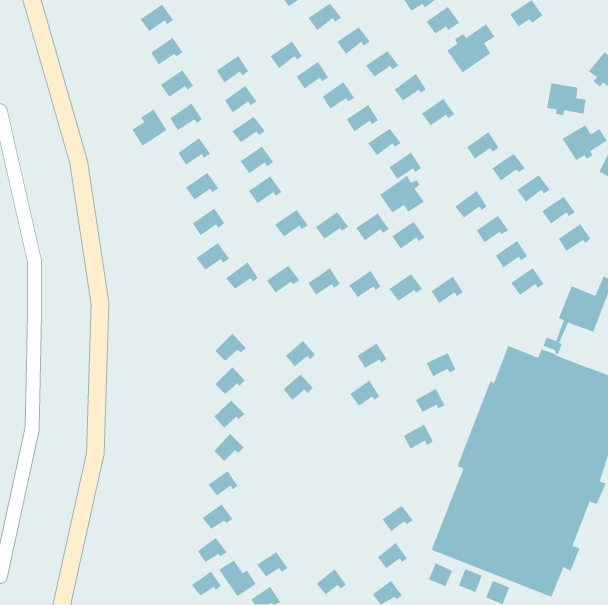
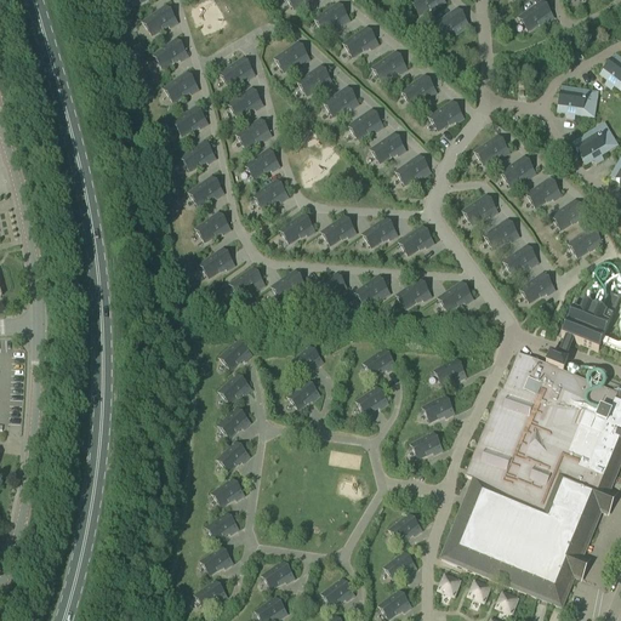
building: [446,23,495,73] -> none
building: [132,109,167,147] -> none
building: [379,175,425,213] -> none
building: [218,559,257,597] -> none

